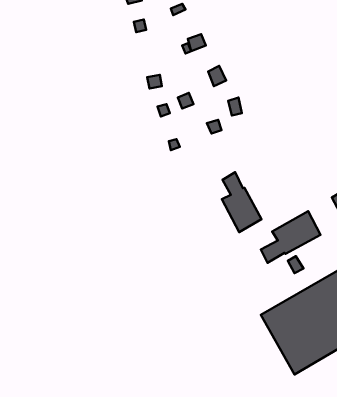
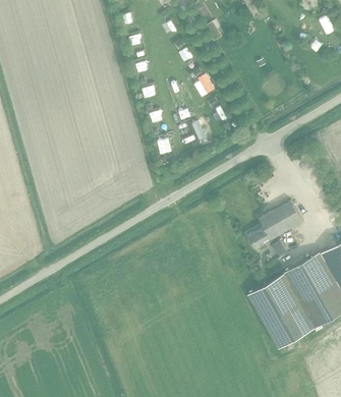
building: [222,172,262,232] -> none

